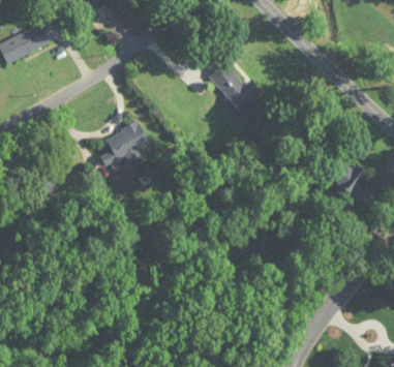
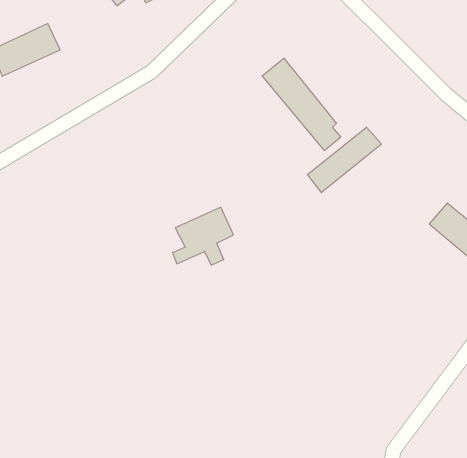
building: none -> [308,127,381,193]
building: [101,121,147,164] -> [173,207,233,265]

